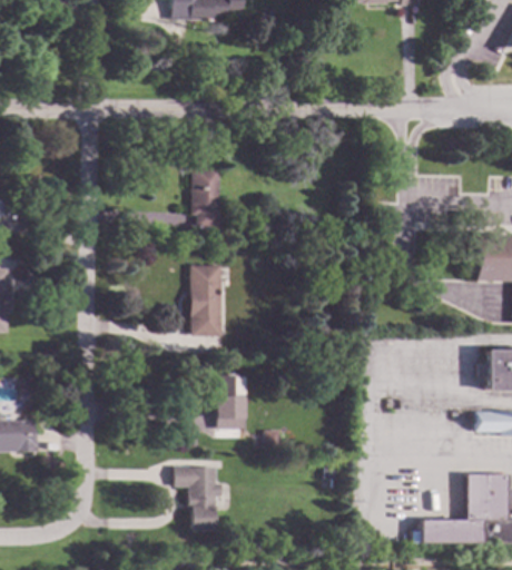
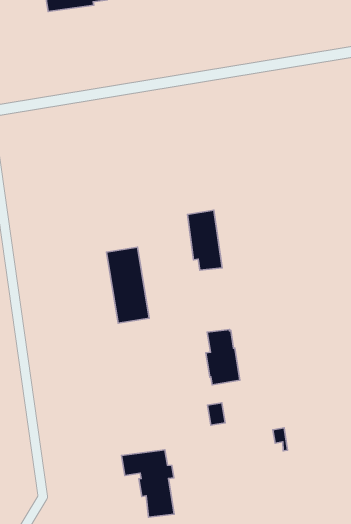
building: [193,168,220,226] -> [187,210,222,270]
building: [217,374,246,426] -> [206,330,240,385]

